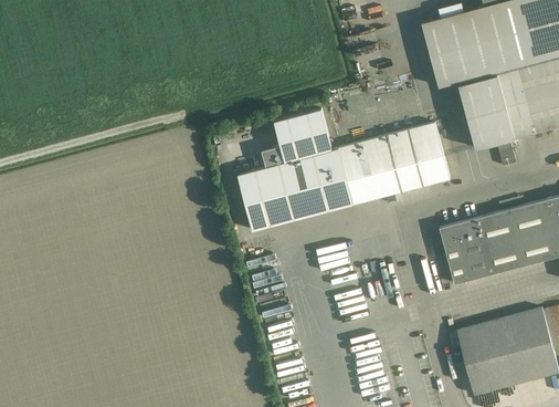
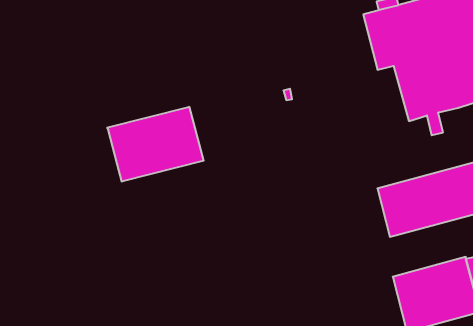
building: [238,109,450,231] -> none
building: none -> [107,107,204,182]

